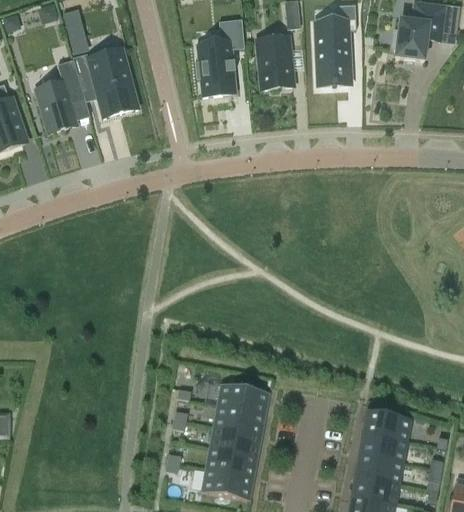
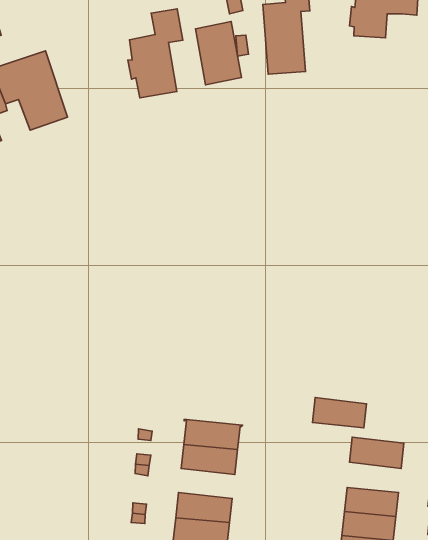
building: [209,426,260,456] -> none
building: [358,432,407,462] -> [313,398,367,428]

